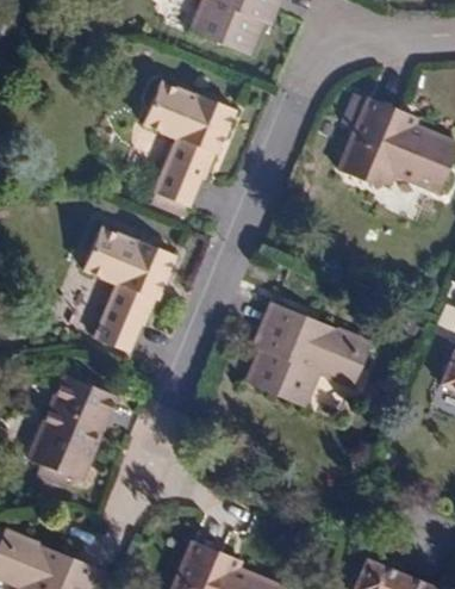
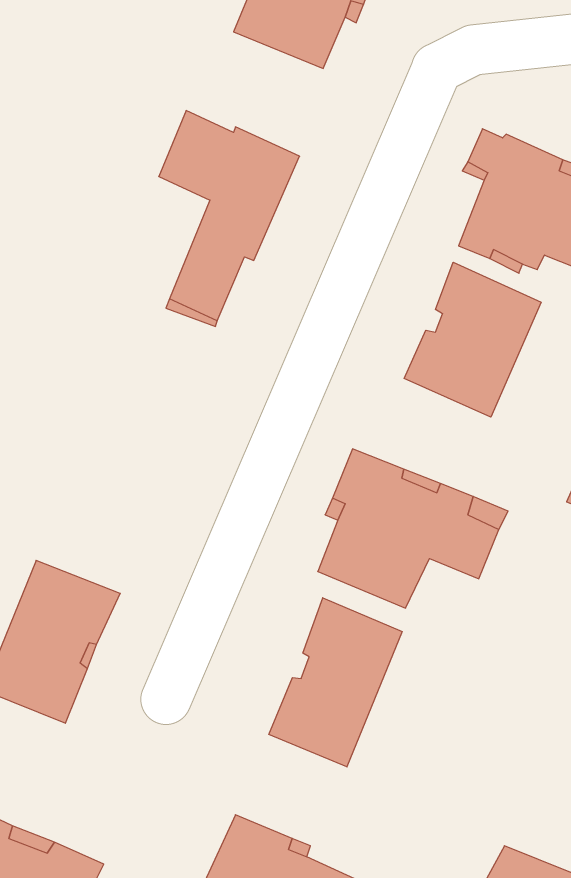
building: none -> [404,262,541,417]
building: [82,228,175,351] -> none
building: none -> [269,598,402,767]

